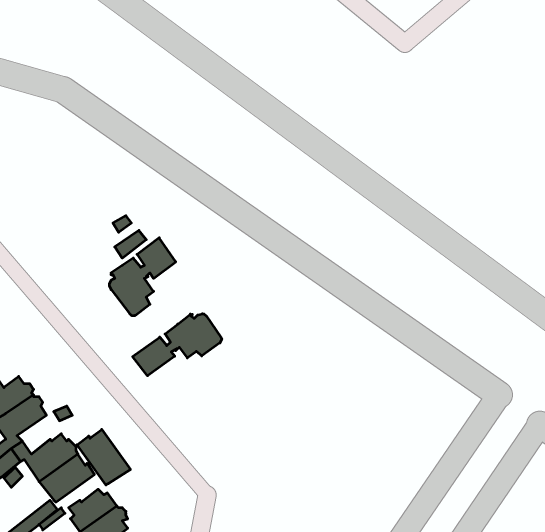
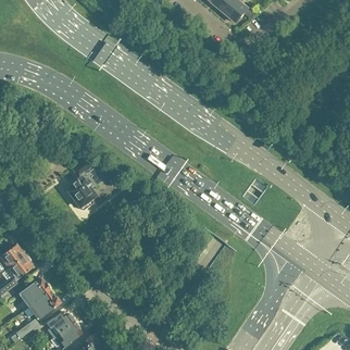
building: [133,314,222,376] -> none
building: [77,429,130,485] -> none

